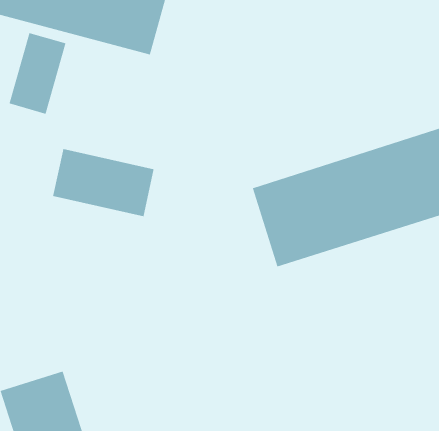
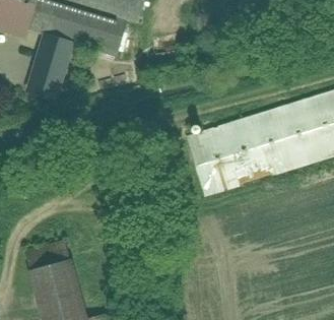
building: [52,148,155,217] -> none

